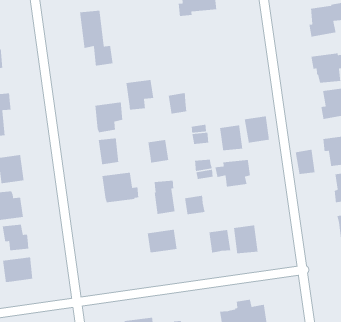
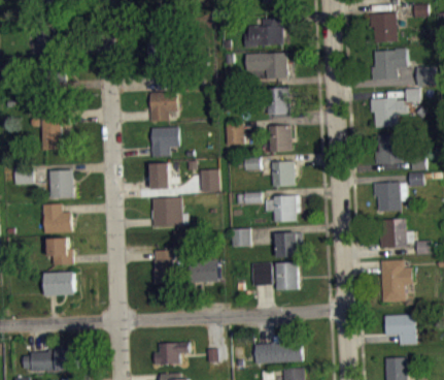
building: none -> [245,54,286,80]
building: none -> [266,88,289,116]
building: [125,79,154,110] -> [149,92,176,121]
building: [244,116,270,143] -> [268,124,292,150]
building: [295,149,316,175] -> none
building: [154,180,175,215] -> [153,250,174,283]
building: none -> [276,232,302,257]

